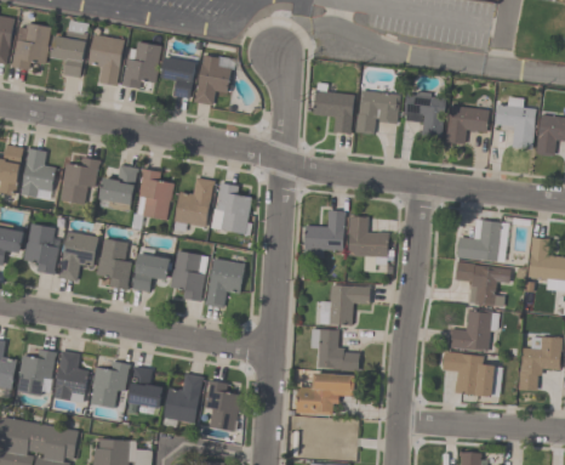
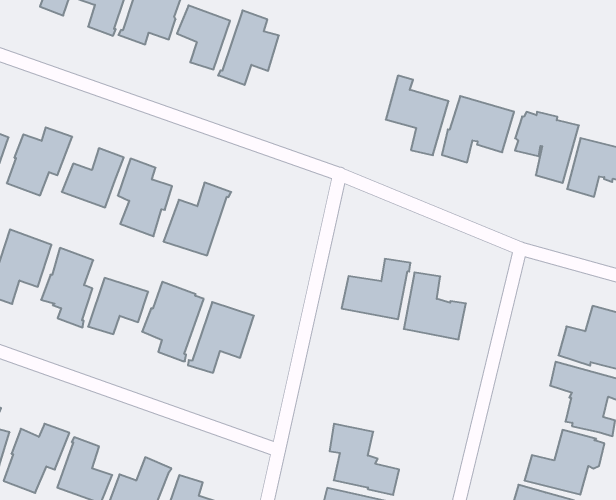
building: [210,183,251,233] -> none
building: [319,285,370,324] -> none

